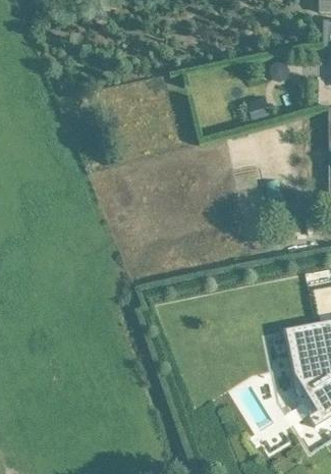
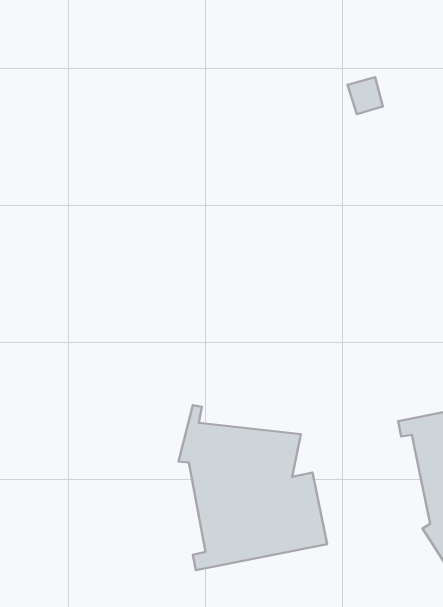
building: none -> [178,405,327,570]

